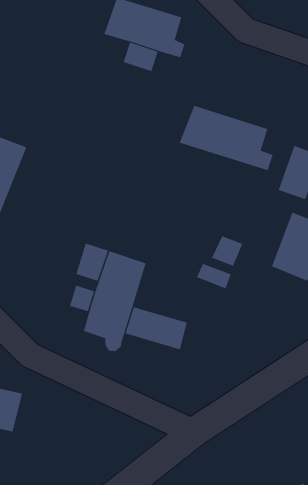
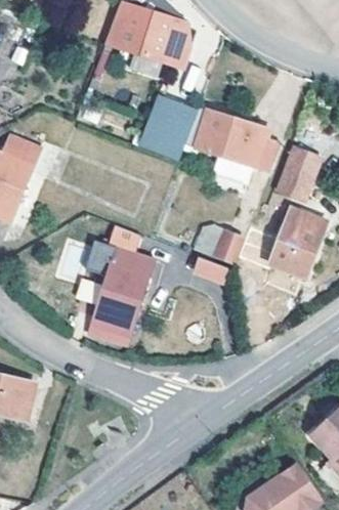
building: none -> [138,94,198,160]
building: [125,307,187,350] -> none

